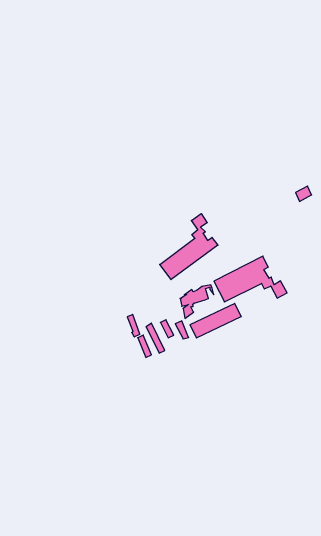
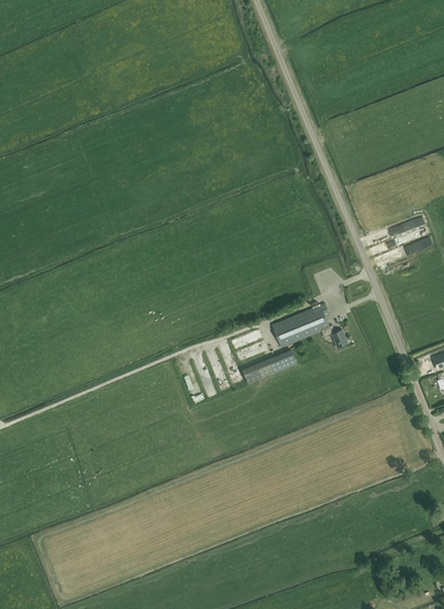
building: [160,214,218,280] -> none

